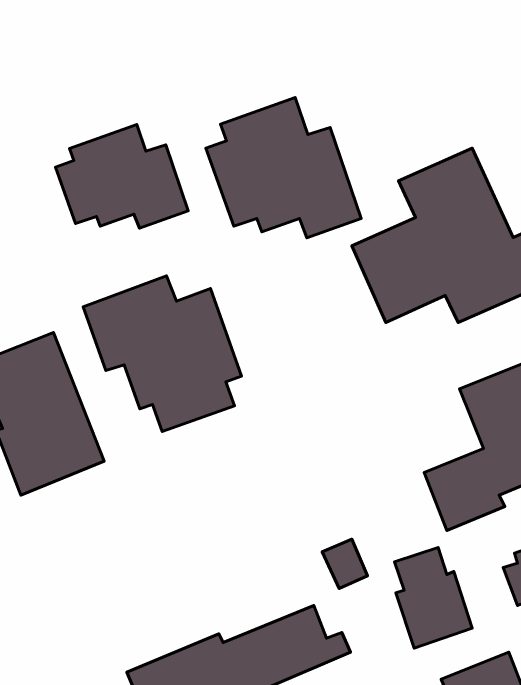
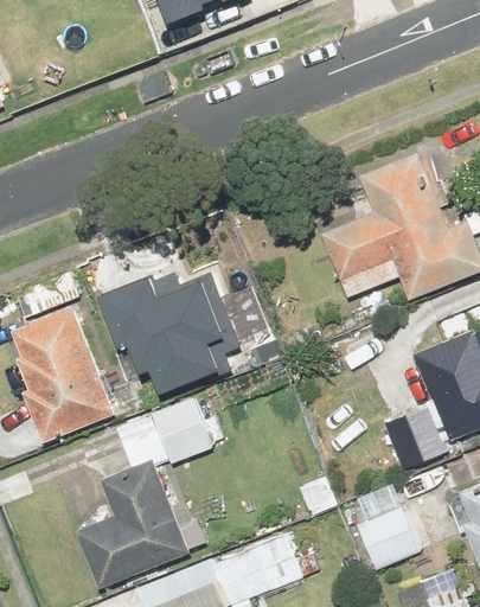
building: [206,97,361,238] -> none
building: [55,124,188,228] -> none
building: none -> [72,396,216,590]

